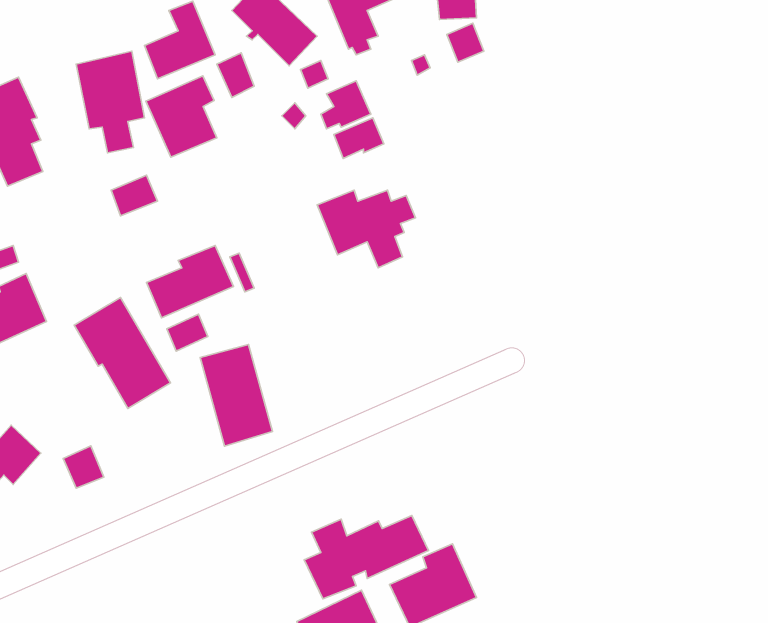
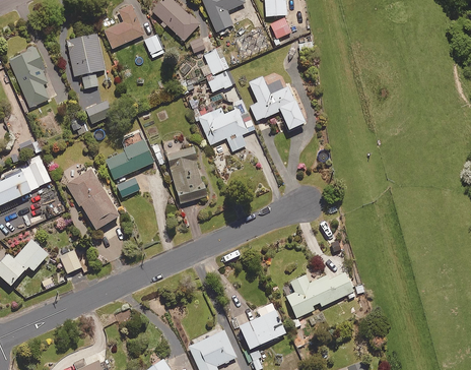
building: [146,76,217,157] -> none
building: none -> [249,75,305,128]
building: [200,344,273,446] -> [166,147,206,203]
building: [304,515,428,599] -> [286,271,354,317]

